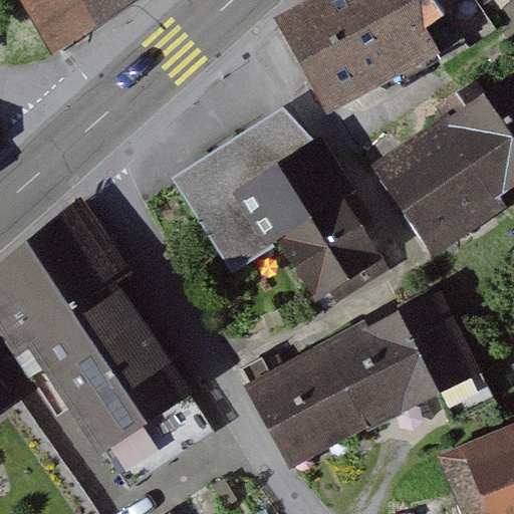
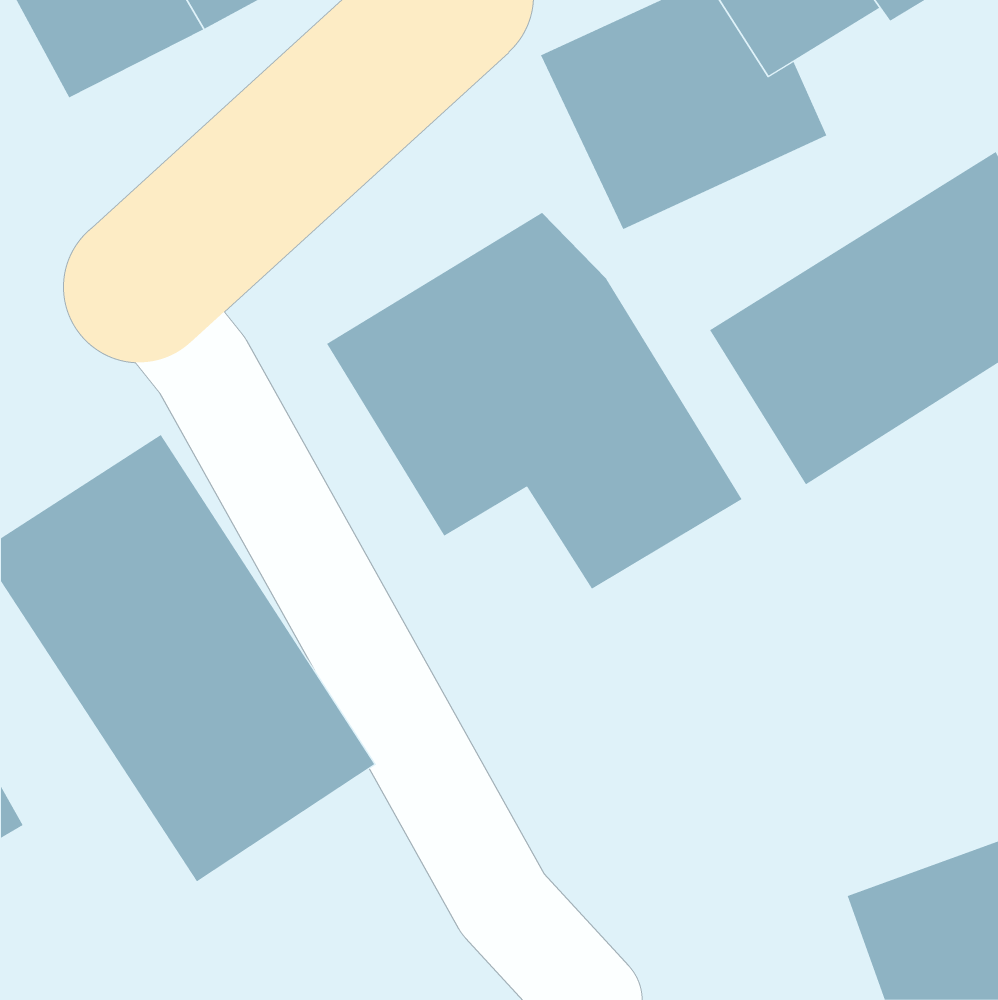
building: [254,294,473,461] -> none

